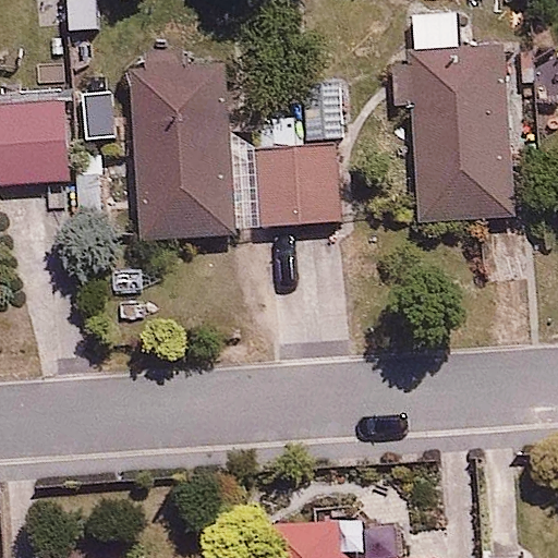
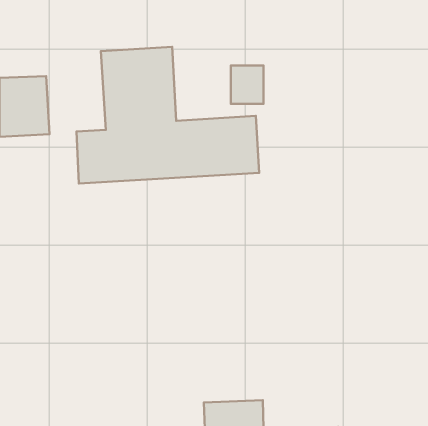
building: [409,10,515,213] -> none

